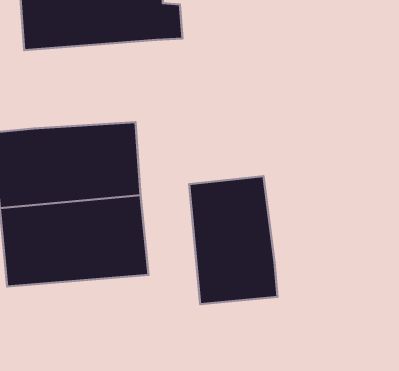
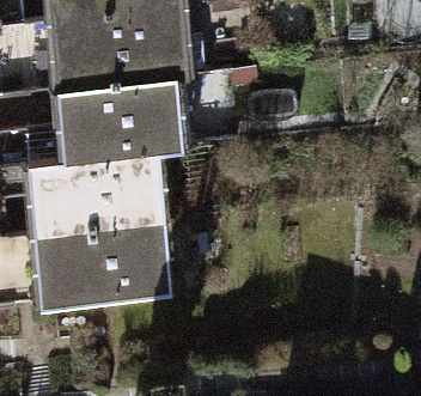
building: none -> [54,71,178,152]
building: [189,176,278,304] -> none

